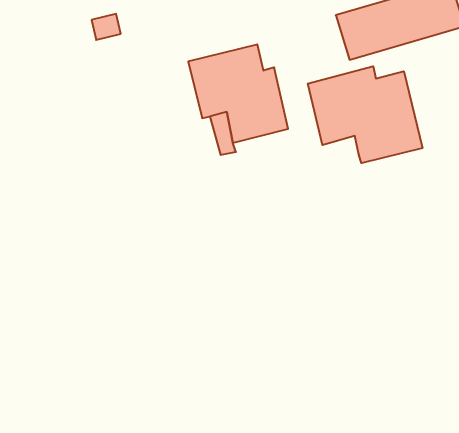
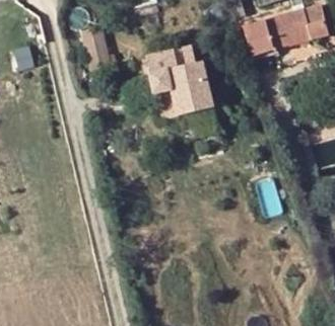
building: [308,66,422,163] -> none

